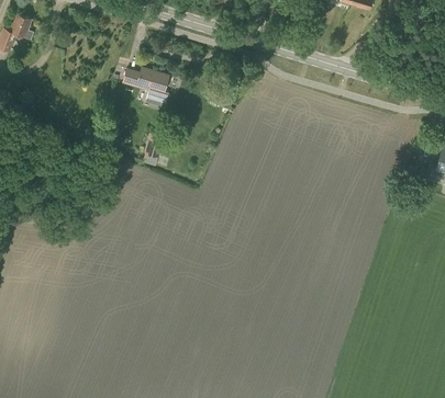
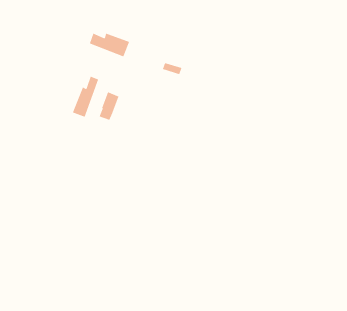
building: none -> [72,75,99,118]

